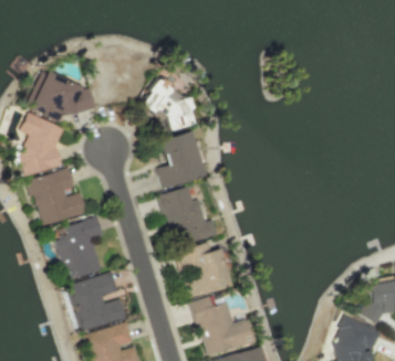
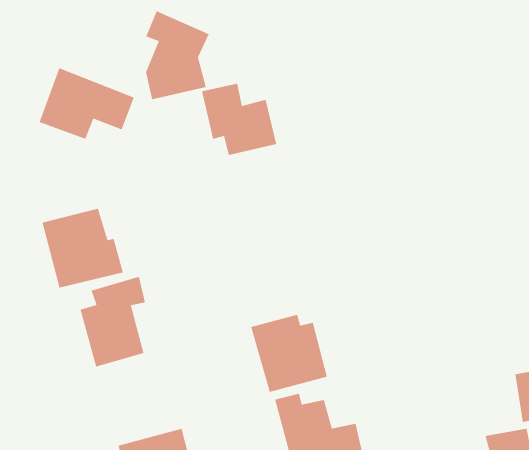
building: [20,113,65,176] -> [145,10,210,100]
building: [158,130,204,188] -> none
building: [160,187,218,247] -> none
building: [66,274,127,331] -> none

